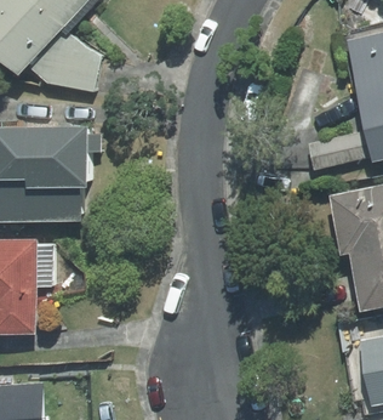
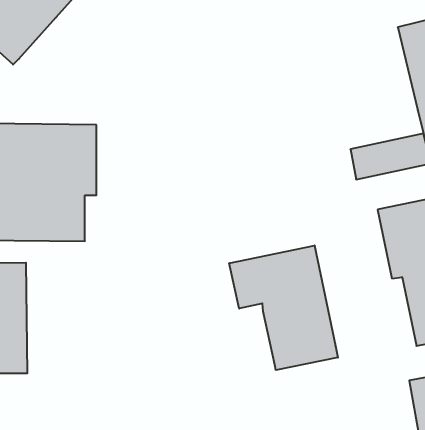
building: [25,33,97,95] -> none
building: none -> [229,245,338,370]

